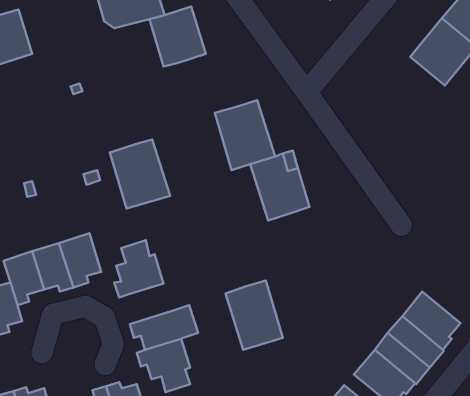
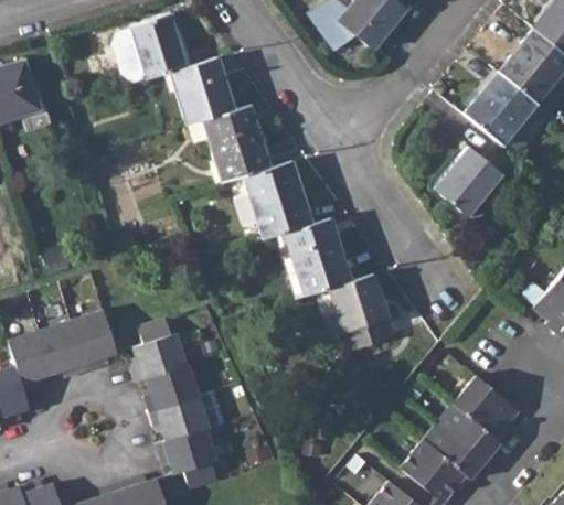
building: none -> [434,146,502,216]
building: [110,140,170,209] -> [204,105,272,182]
building: [226,281,283,350] -> [329,273,393,351]
building: none -> [146,365,200,411]

